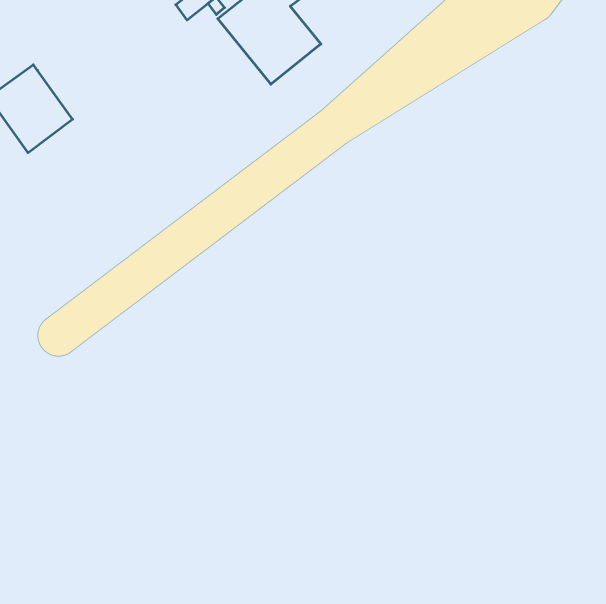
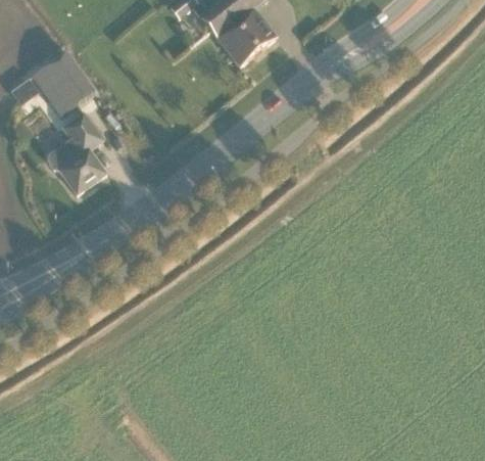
building: none -> [47,112,105,194]

